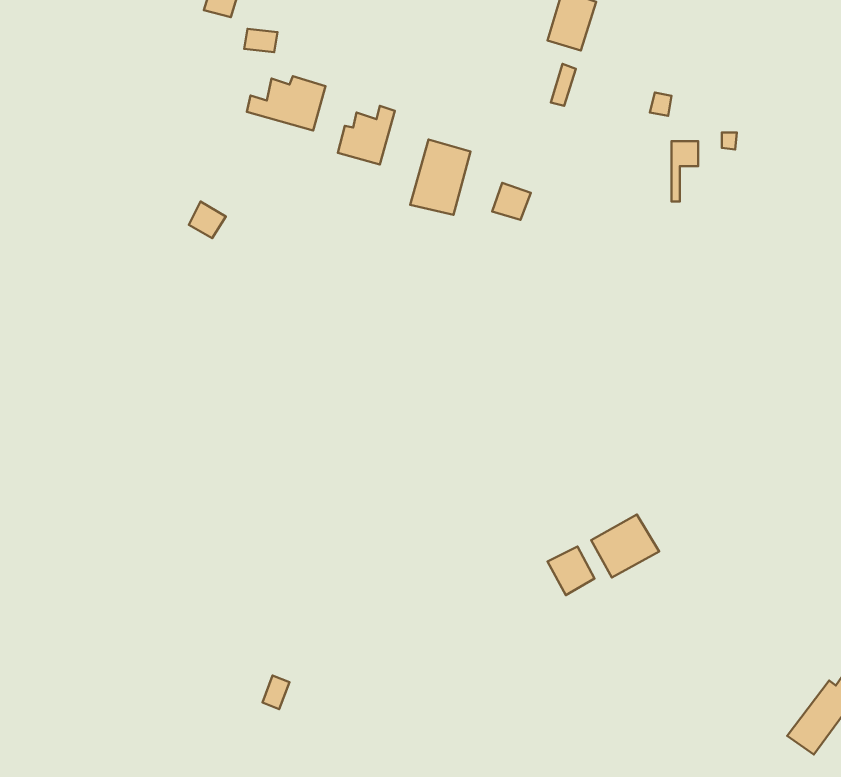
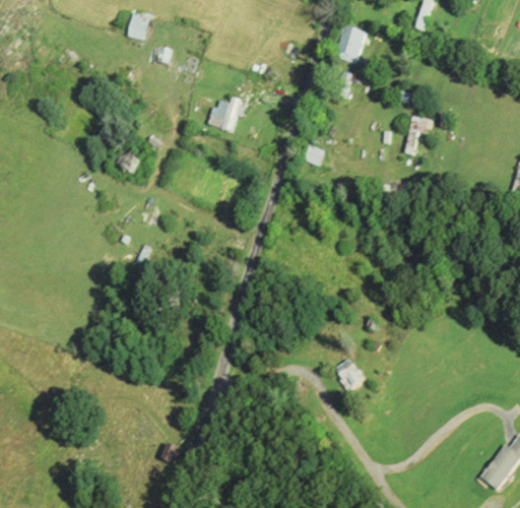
building: [247,76,326,130] -> none
building: [410,139,471,215] -> none
building: [591,514,659,577] -> none

